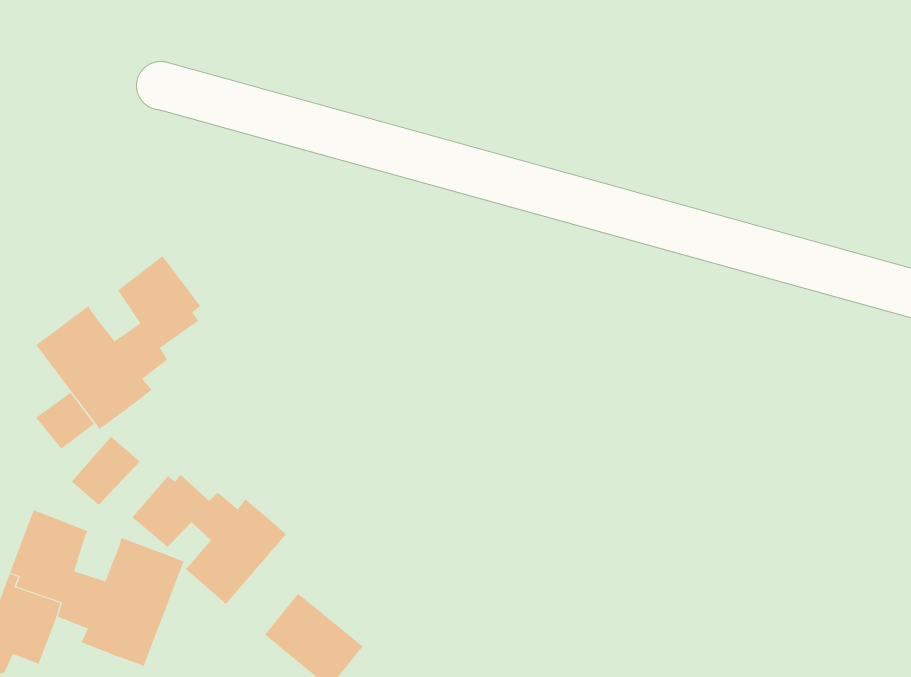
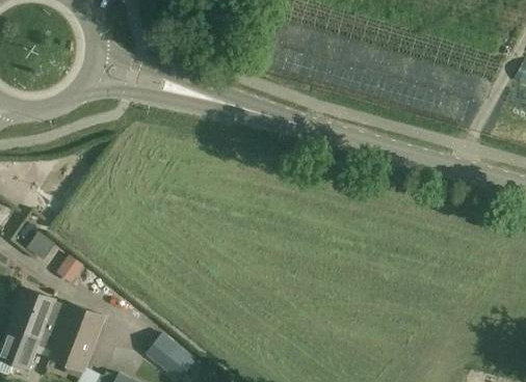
building: [35,255,201,430] -> none
building: [131,474,287,605] -> none

